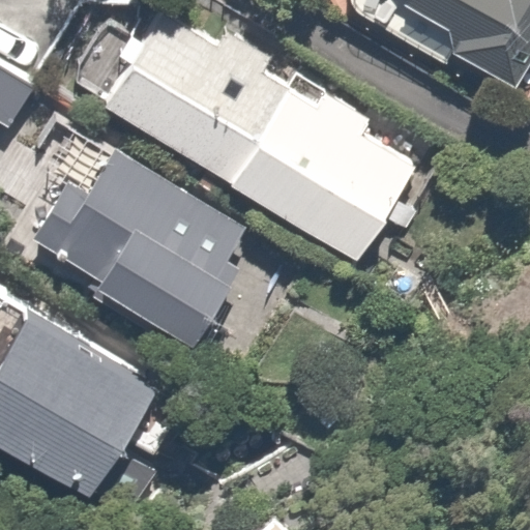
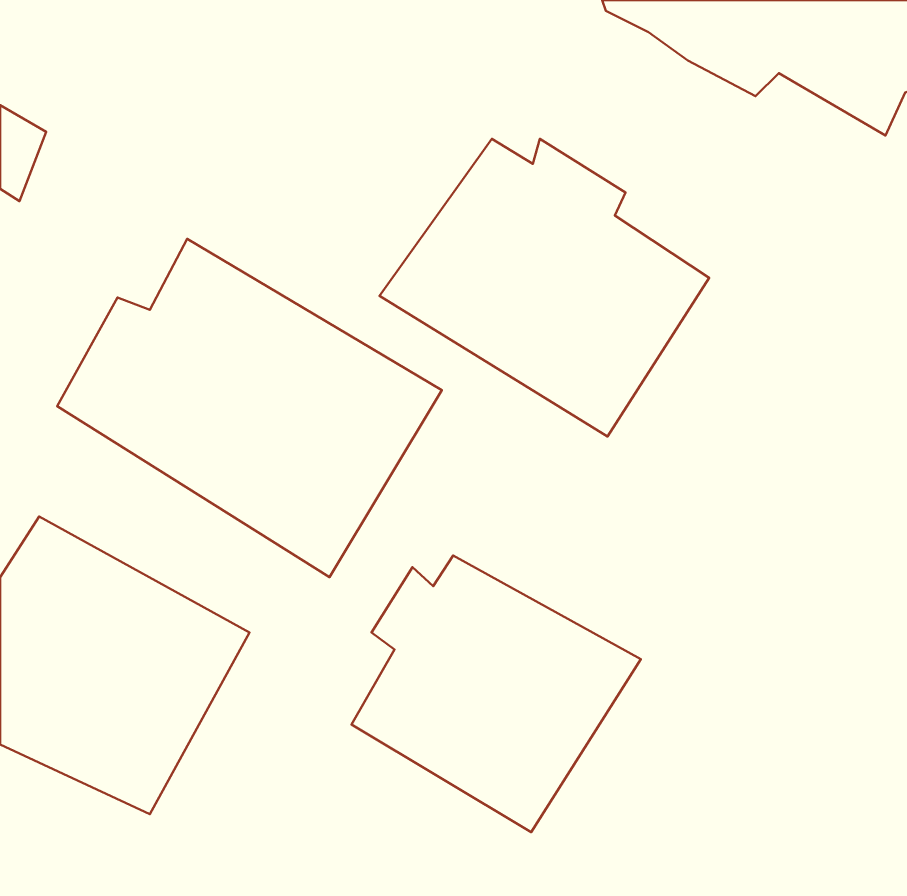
building: [101,12,288,180] -> none
building: none -> [351,556,641,832]

